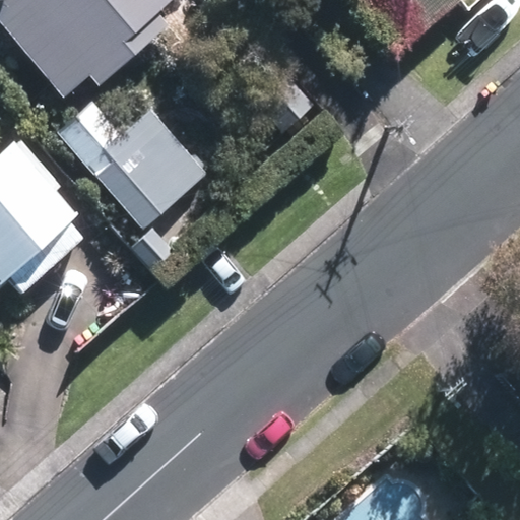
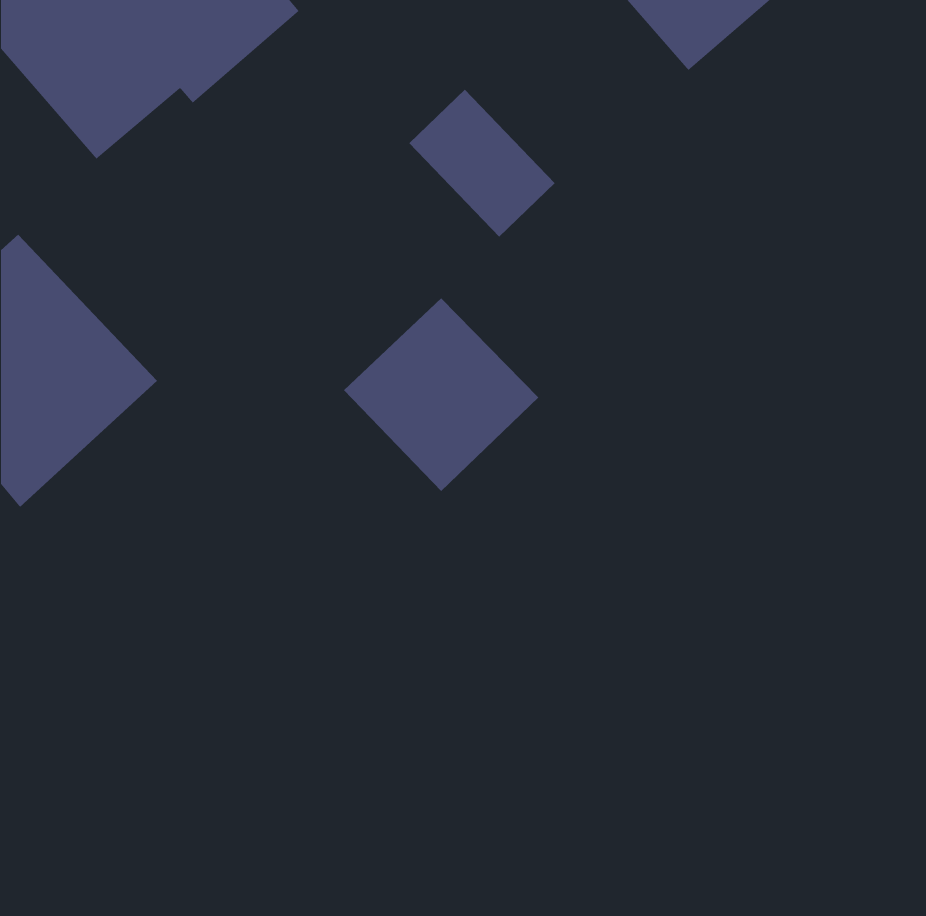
building: [85,114,195,222] -> [343,298,539,492]

